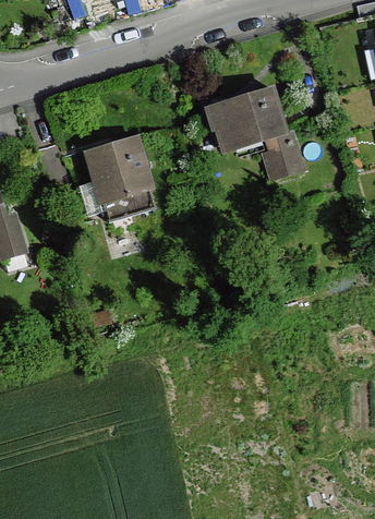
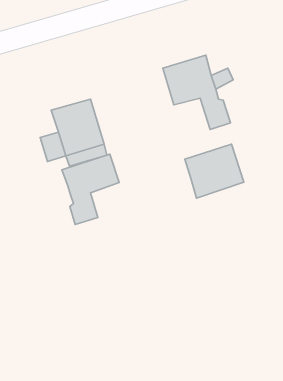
building: none -> [185,144,244,198]
building: none -> [62,154,119,224]

